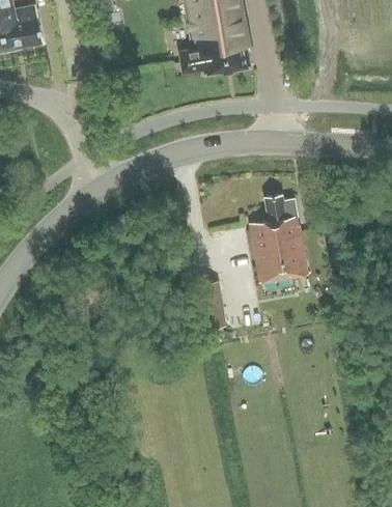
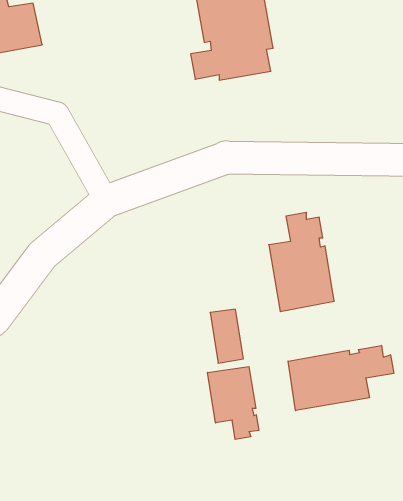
building: none -> [288,345,394,411]
building: none -> [208,367,259,439]

